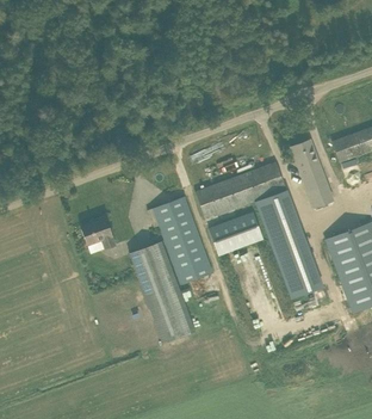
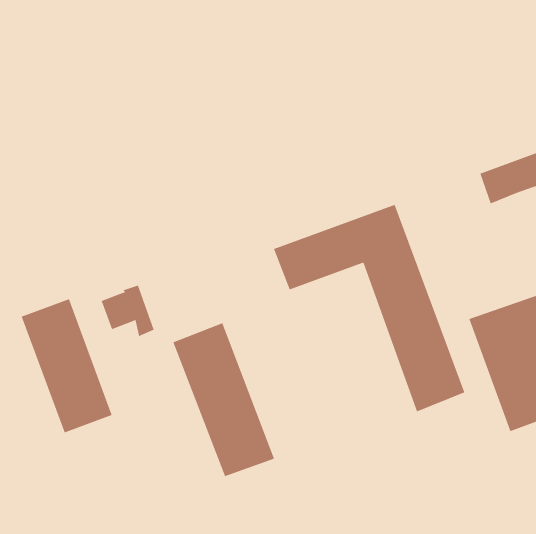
building: [290,140,333,209] -> none
building: [153,196,213,285] -> [21,299,112,433]
building: [209,214,262,255] -> none

